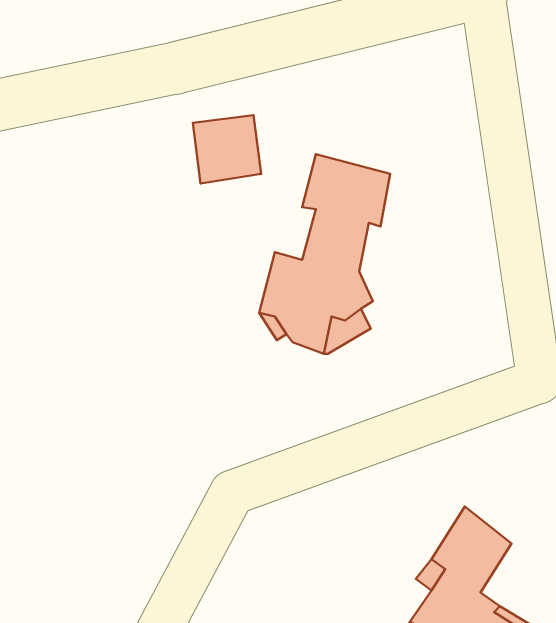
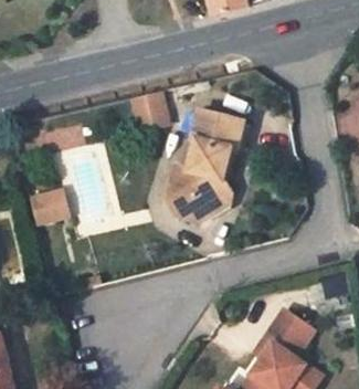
building: none -> [25,180,68,221]

